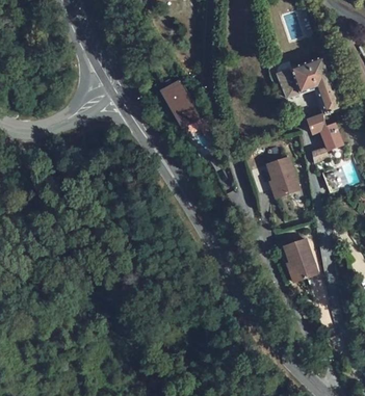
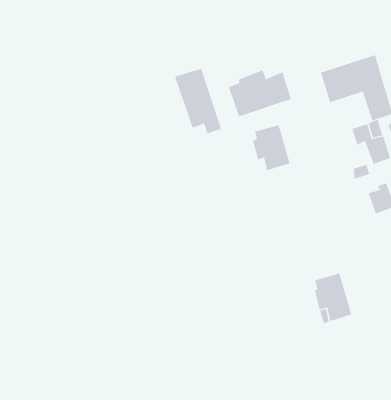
building: none -> [228,70,291,117]
building: [266,160,299,200] -> [252,124,291,171]

